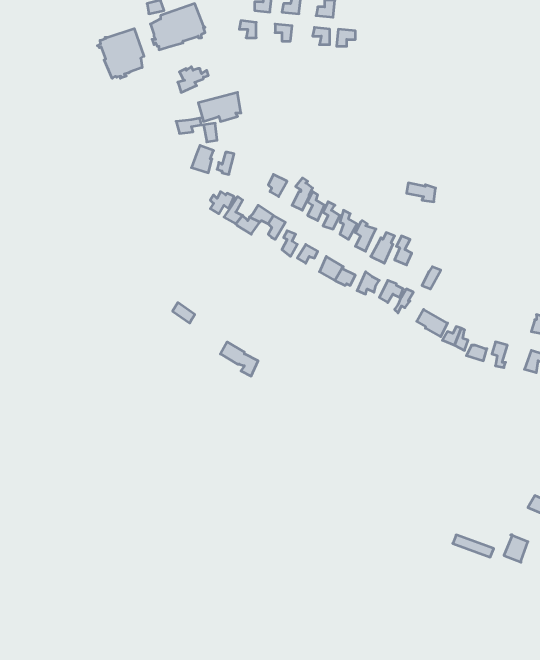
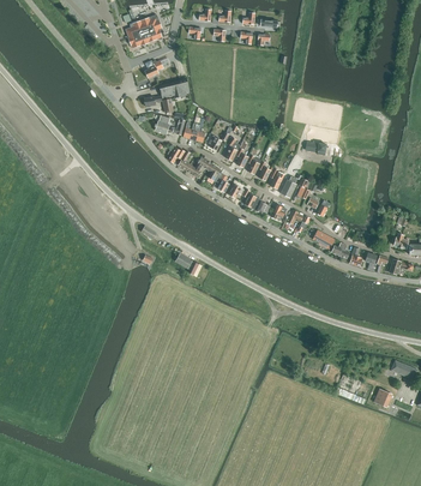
building: [97,29,144,78] -> none

